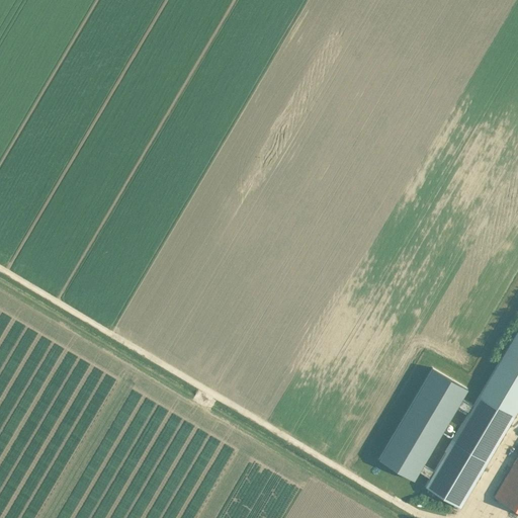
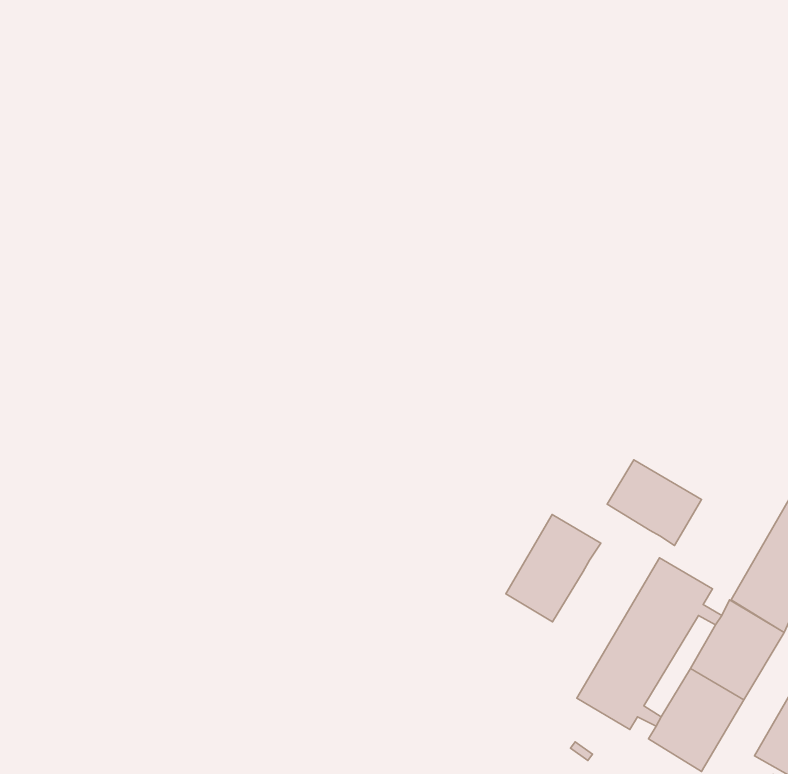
building: none -> [607,460,701,545]
building: none -> [506,515,601,622]

